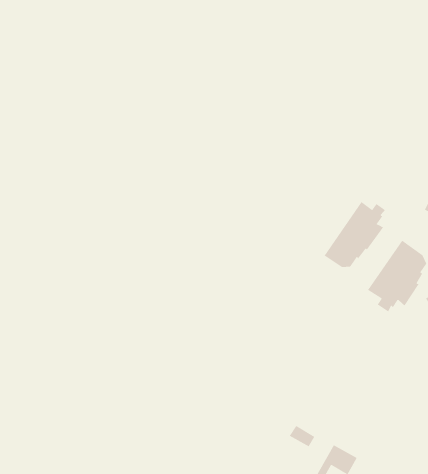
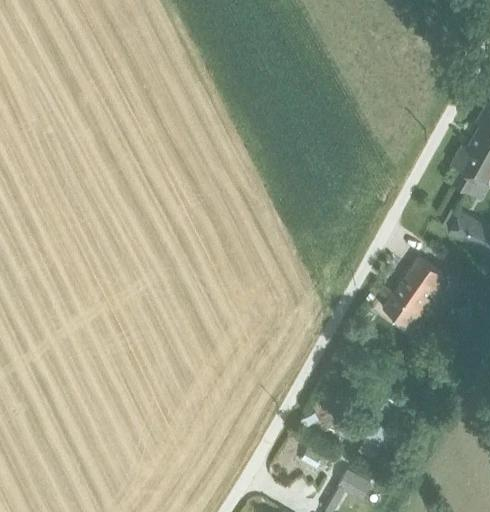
building: [324,201,386,268] -> none

